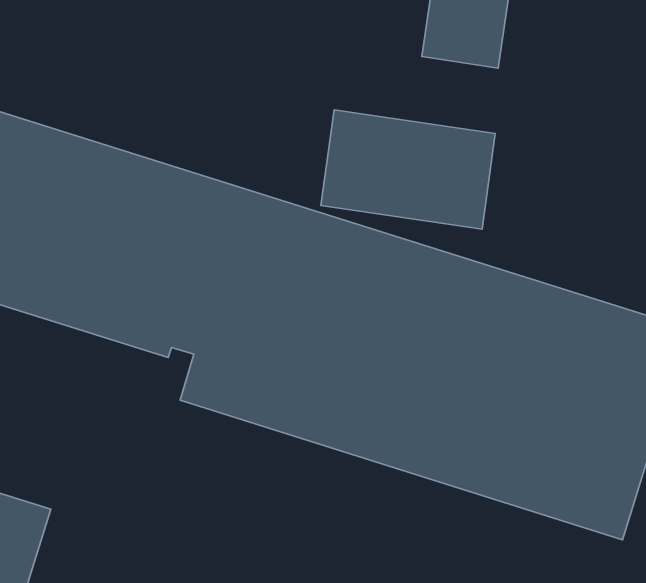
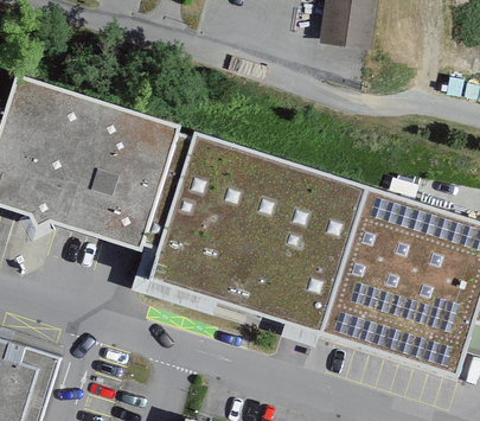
building: [321,110,495,229] -> none

